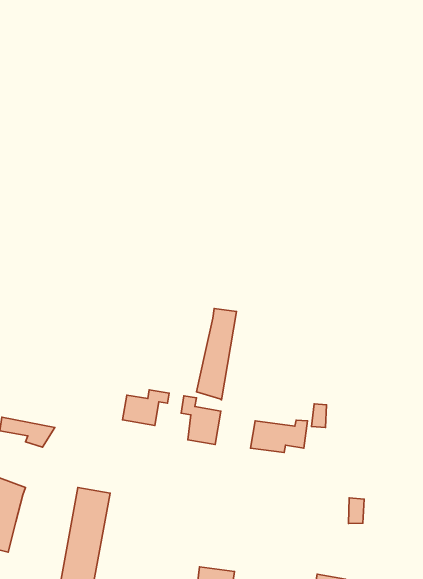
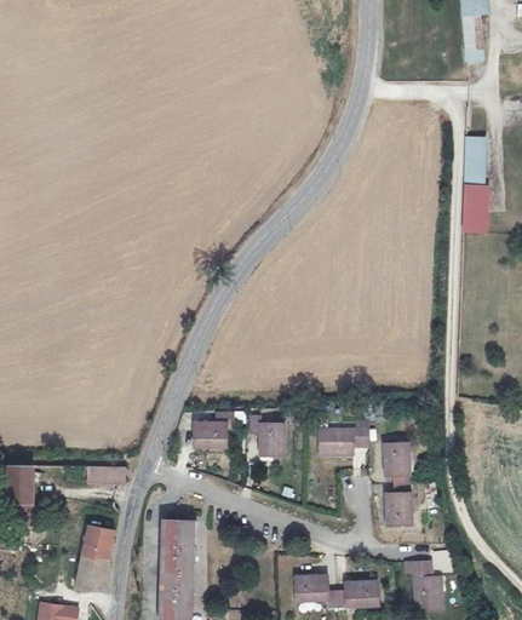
building: [196,308,237,400] -> none
building: none -> [382,443,411,524]

